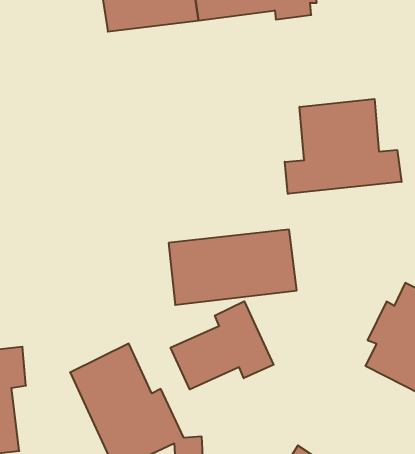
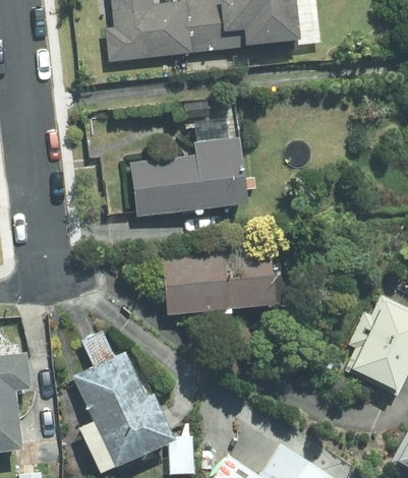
building: [285,99,402,194] -> none
building: none -> [129,140,250,217]
building: [171,301,274,389] -> none

